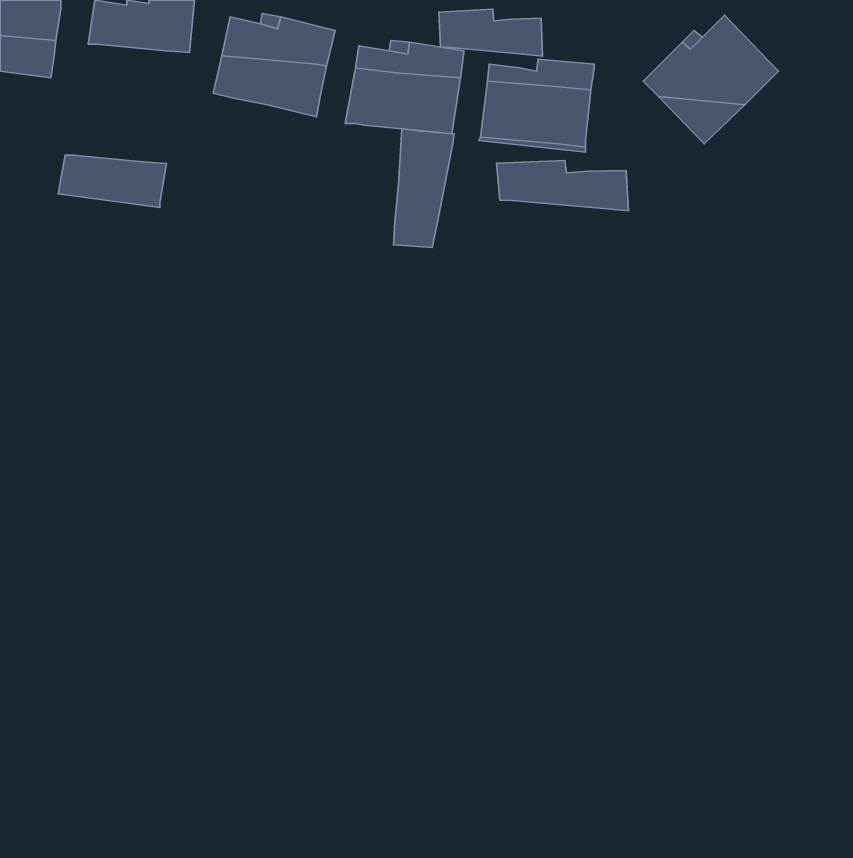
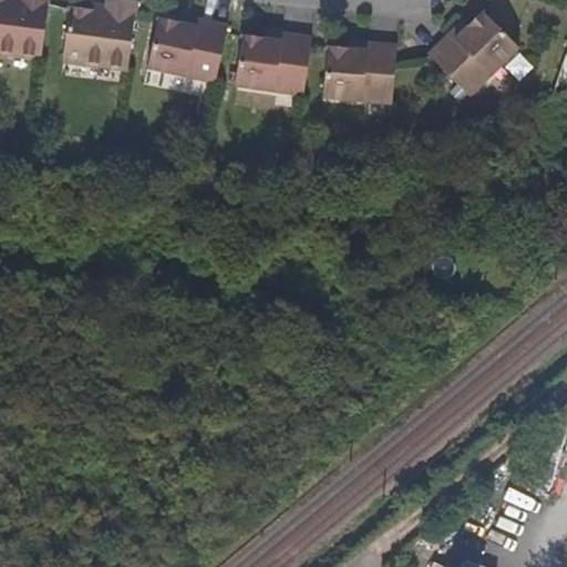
building: [439,9,542,56] -> none
building: [393,129,454,248] -> none
building: [58,155,167,208] -> [61,33,132,68]
building: [497,161,629,211] -> none

